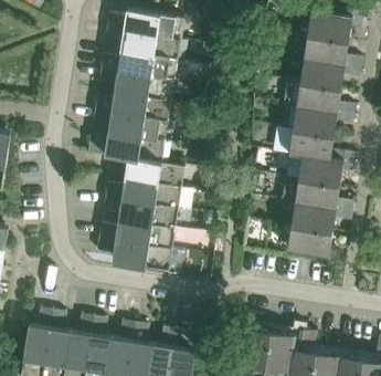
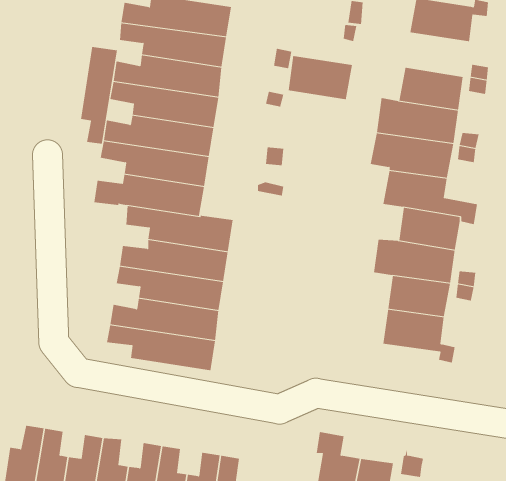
building: [305,34,350,65] -> [288,55,353,100]
building: none -> [81,46,117,145]

